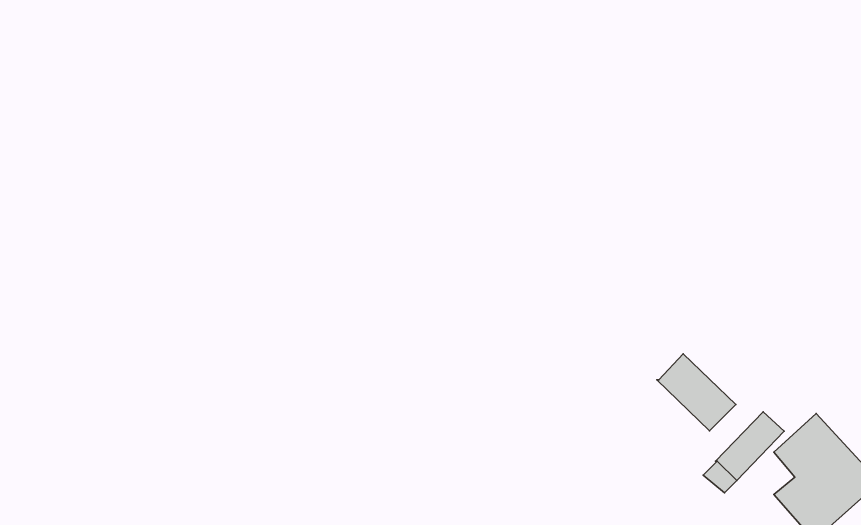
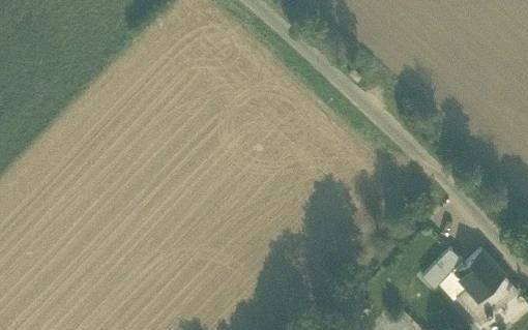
building: [657,354,736,431] -> none

